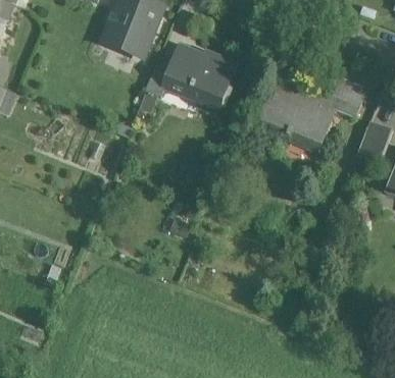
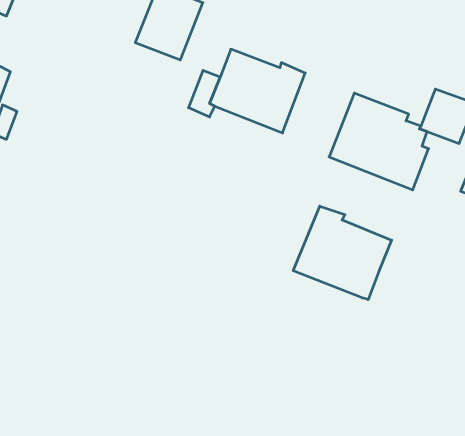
building: none -> [293,206,392,300]

